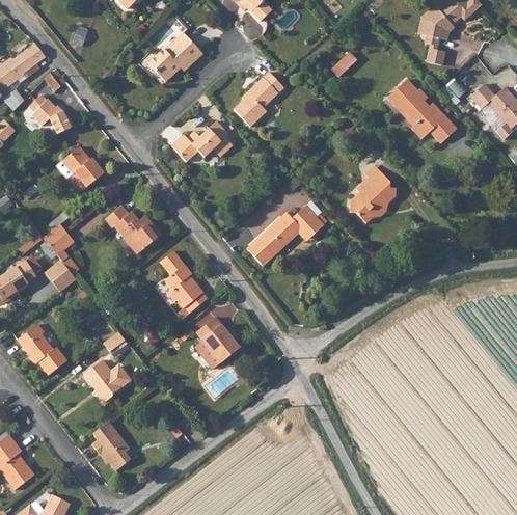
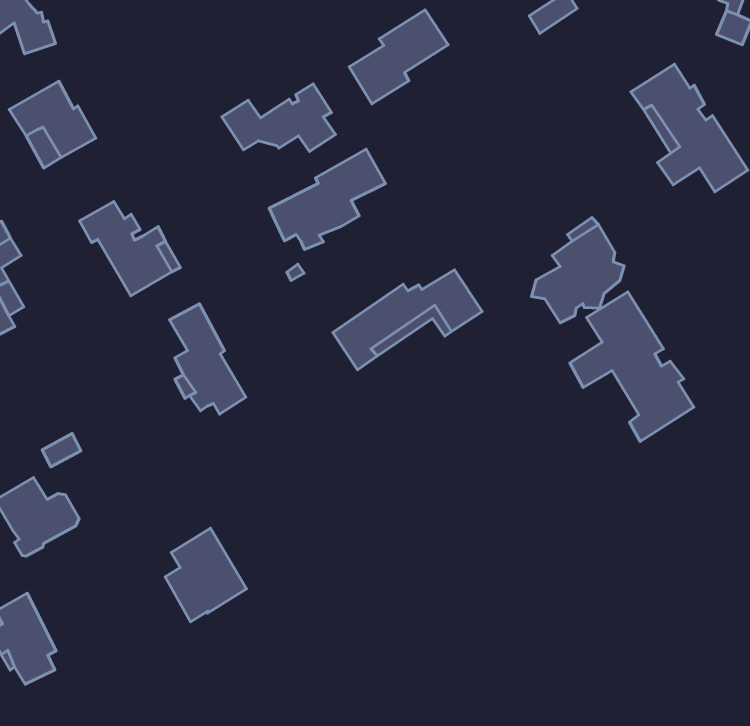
building: none -> [269,149,386,250]
building: none -> [570,292,694,442]
building: [195,315,240,367] -> [165,528,247,622]

